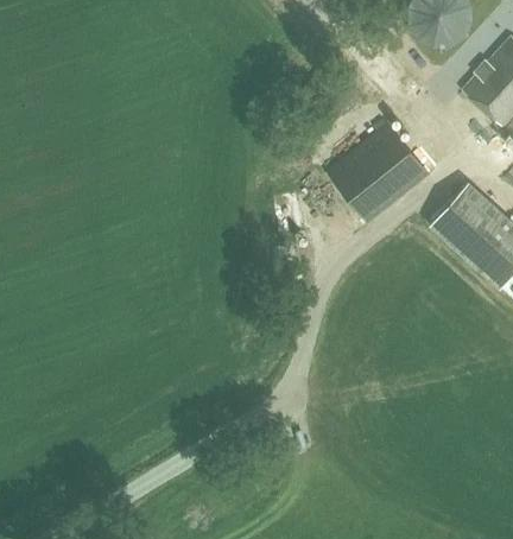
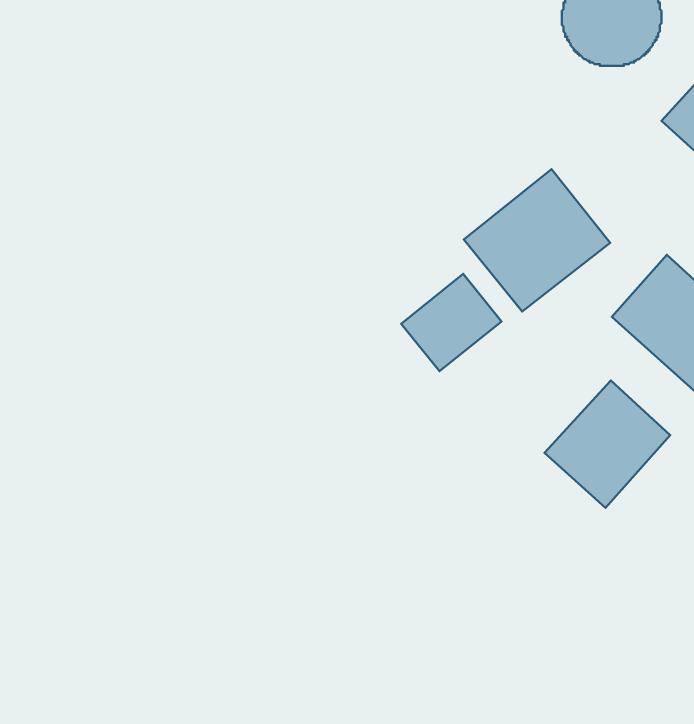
building: none -> [401,274,502,371]
building: none -> [545,380,670,508]

